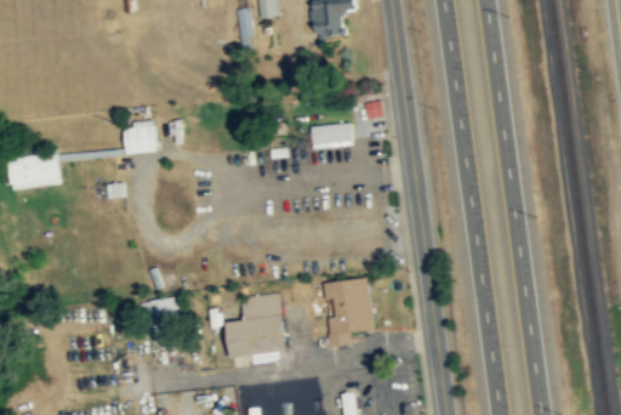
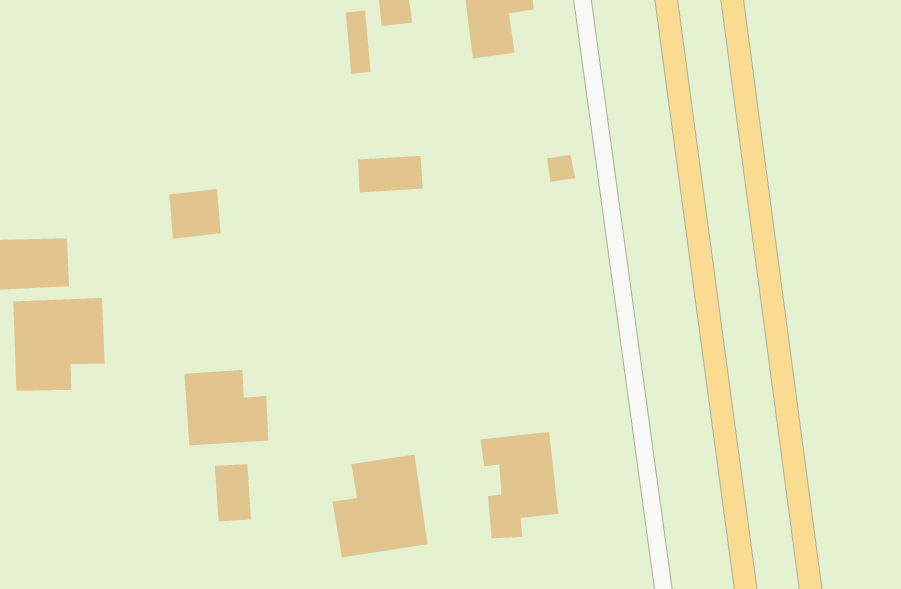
building: [309,123,352,147] -> [357,155,423,193]
building: none -> [12,297,105,391]
building: none -> [183,369,269,446]

